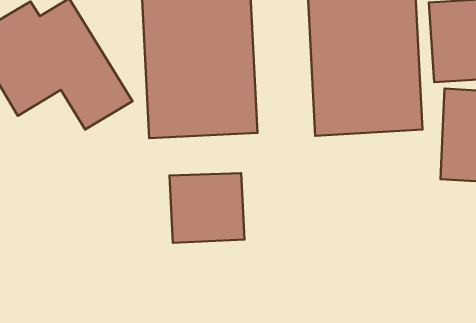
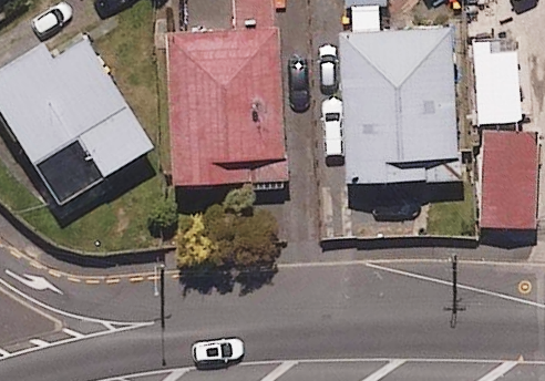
building: [169,173,244,243] -> none

